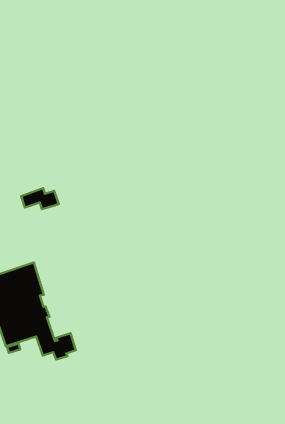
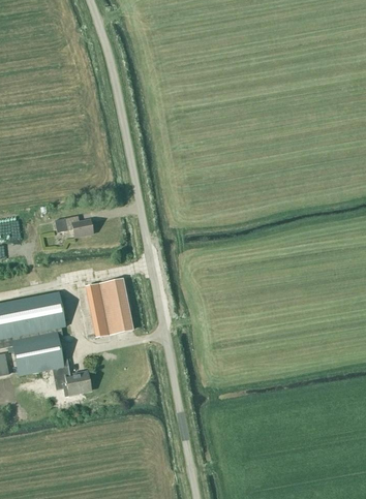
building: none -> [86,279,133,338]

